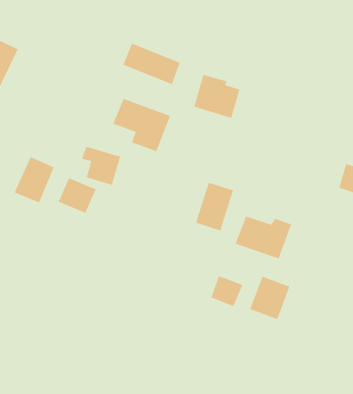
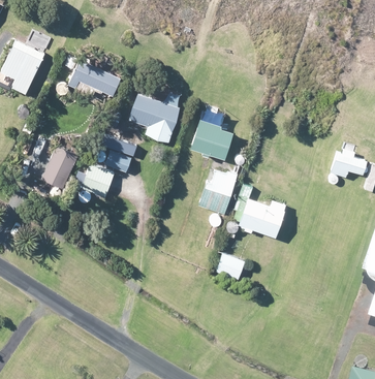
building: [122,43,181,85] -> [71,59,123,96]
building: [193,74,240,119] -> [191,121,232,160]
building: [249,276,290,320] -> none

